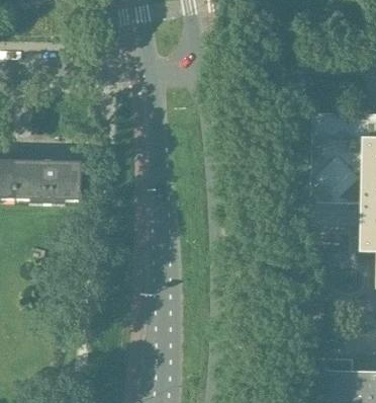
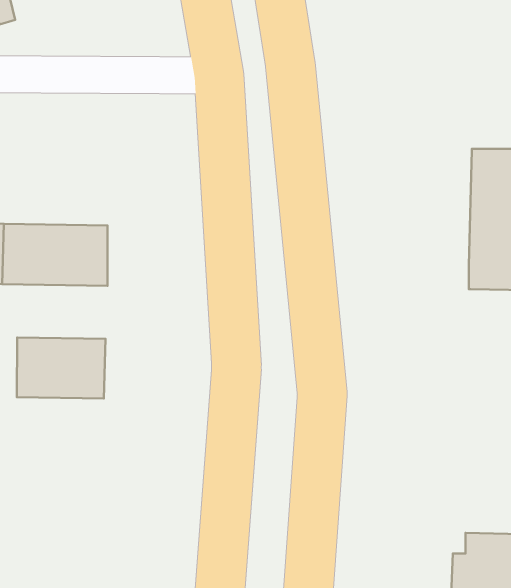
building: none -> [17,338,105,398]

